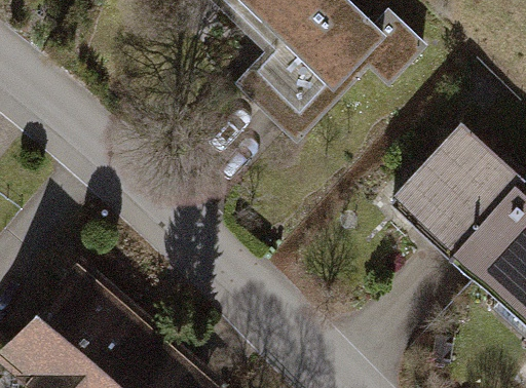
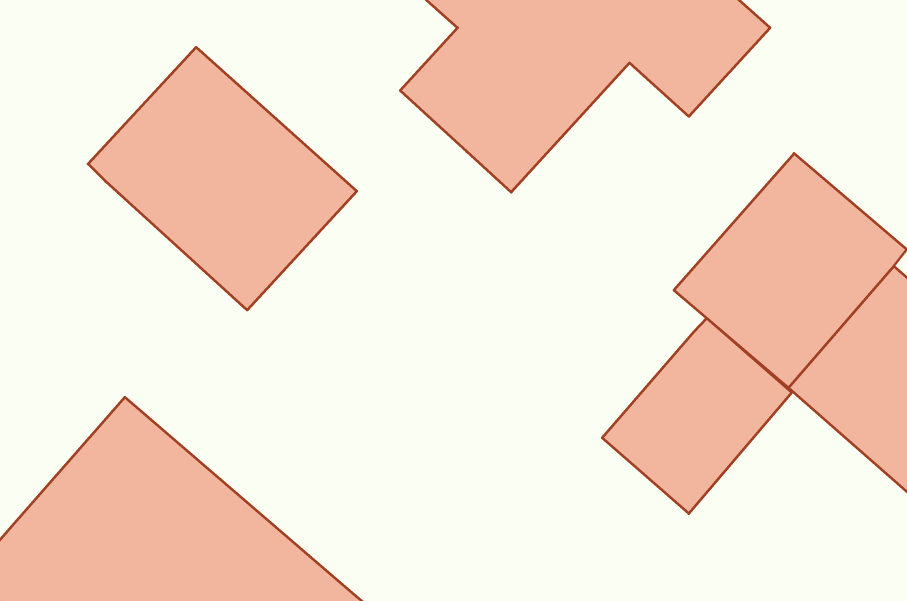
building: none -> [88,47,357,310]
building: none -> [602,318,792,514]

